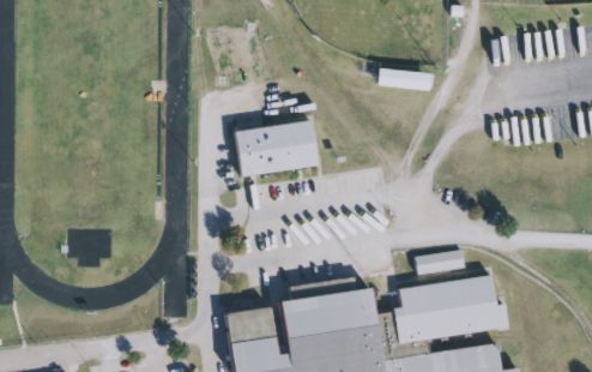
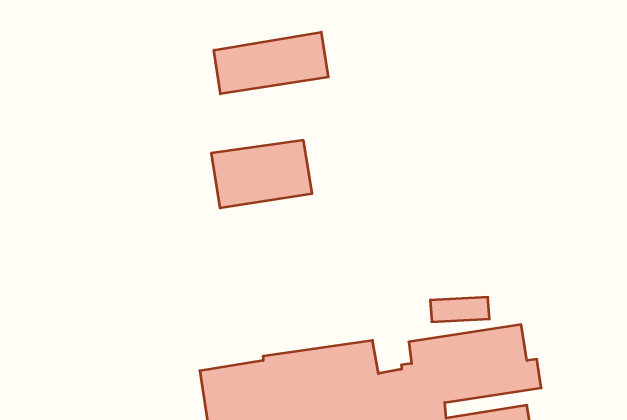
building: none -> [214,32,328,94]
building: [380,68,433,86] -> none

